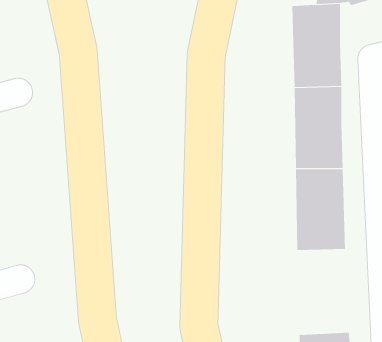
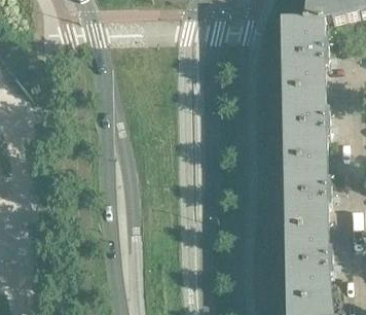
building: none -> [284,222,329,295]

